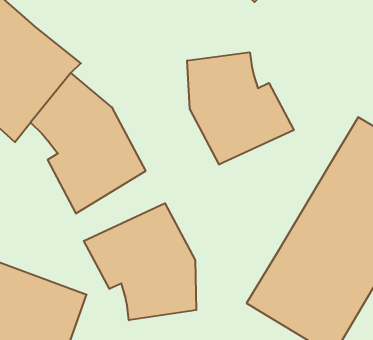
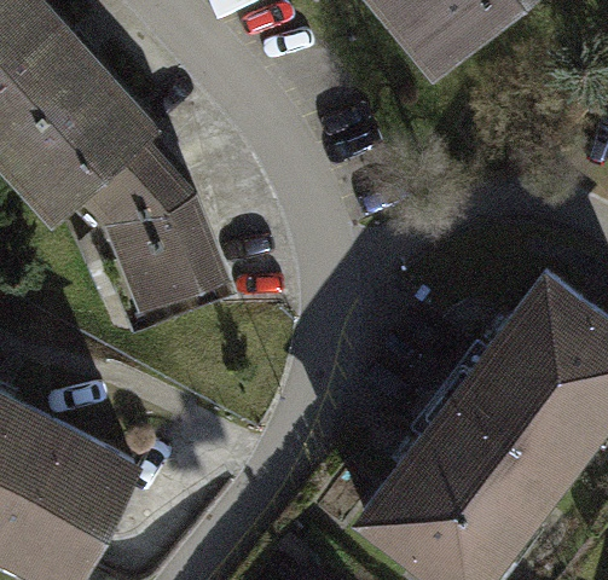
building: [187,52,294,165] -> none
building: [84,203,196,320] -> none

